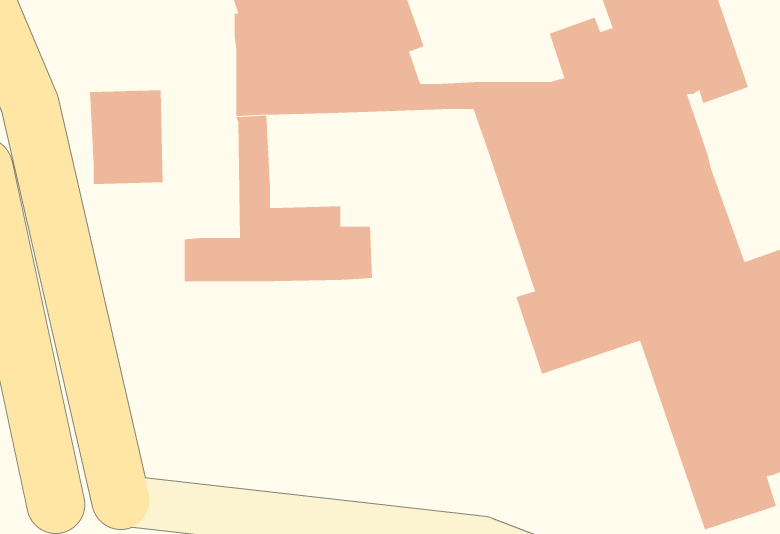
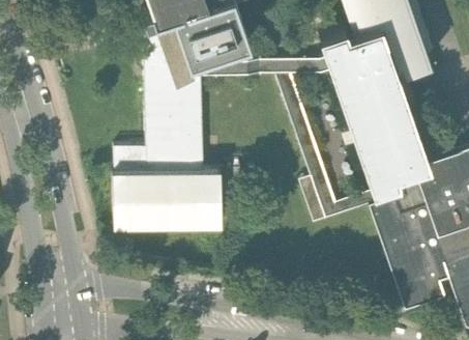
building: [89,90,163,184] -> [160,76,202,129]
building: none -> [112,168,221,226]

